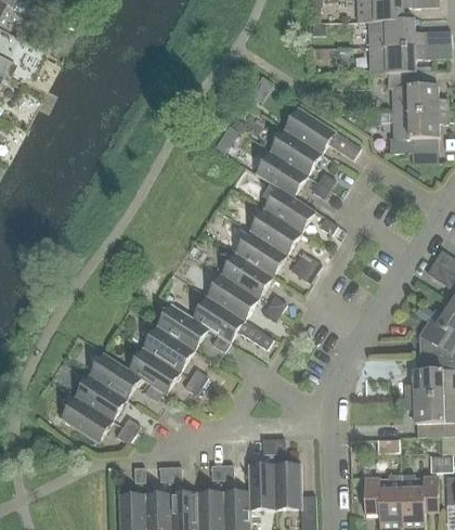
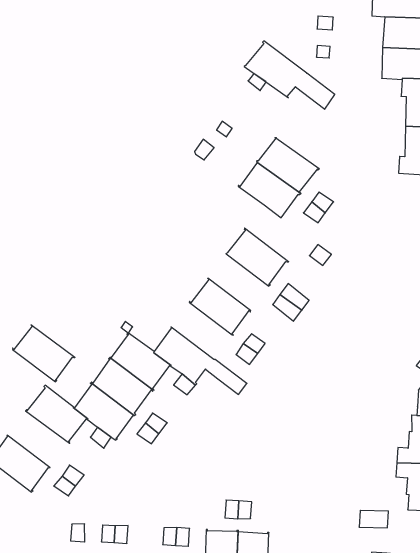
building: [284,106,362,160] -> [244,41,335,109]
building: [263,186,316,233] -> none
building: [235,230,287,276] -> none
building: [207,273,259,320] -> none
building: [75,374,128,421] -> [13,325,75,382]

